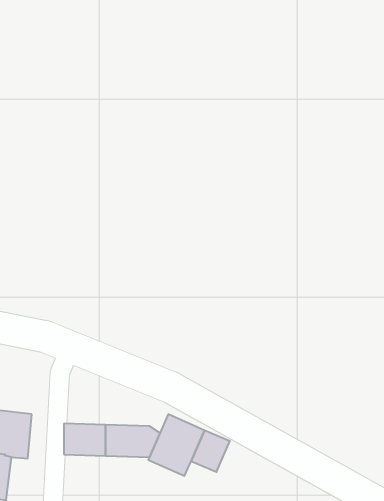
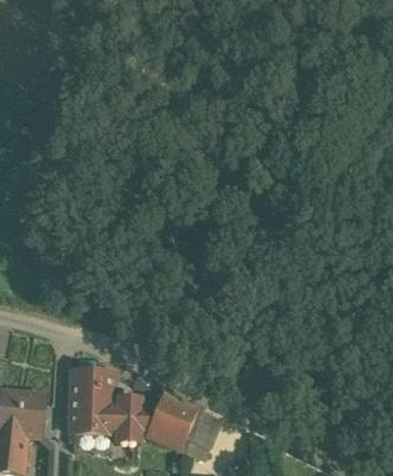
building: none -> [72,372,110,405]

